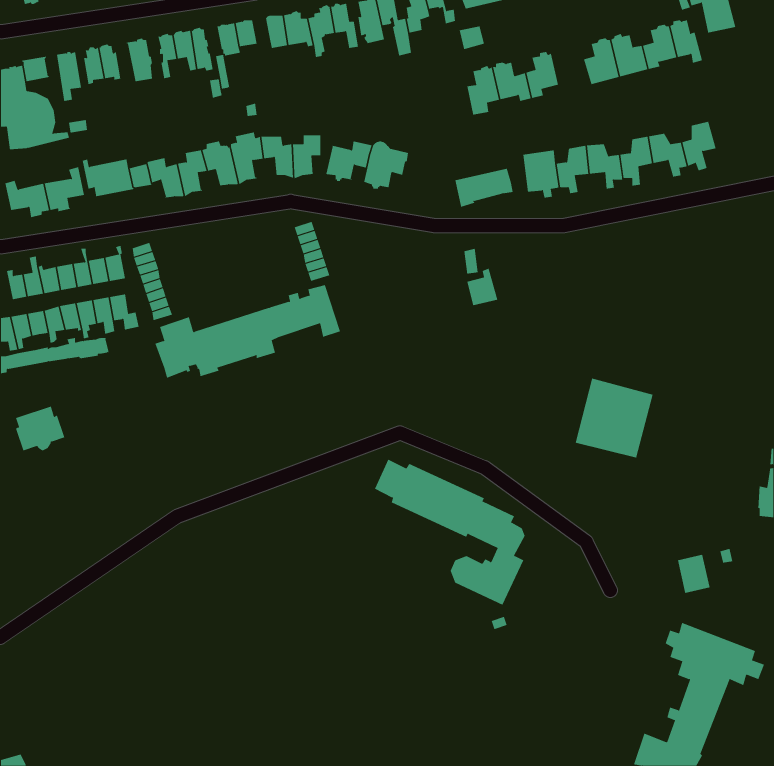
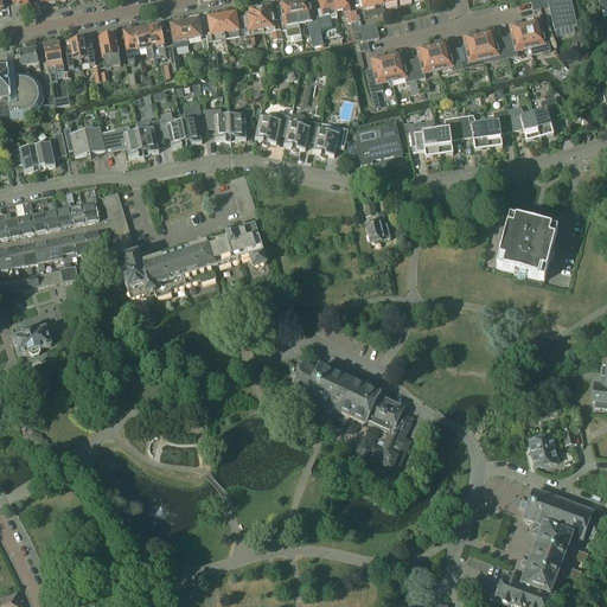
building: none -> [432,38,462,69]
building: none -> [312,123,349,155]
building: [575,378,654,458] -> [496,215,557,277]

